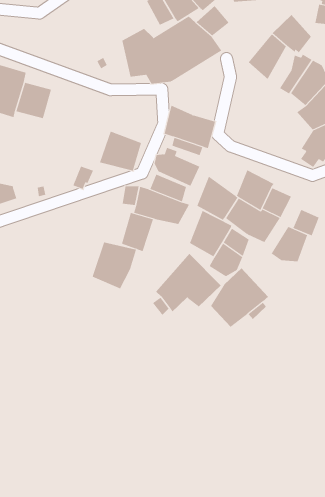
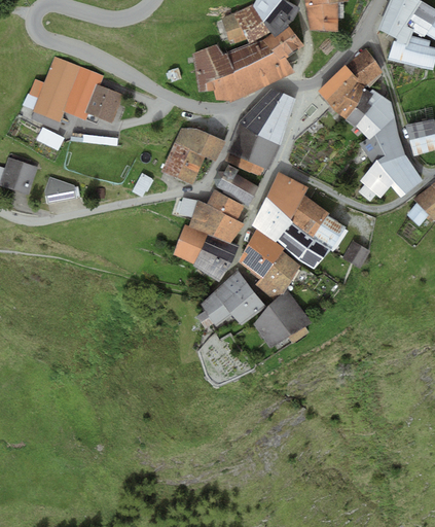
building: none -> [334,78,364,118]
building: none -> [237,87,294,144]
building: none -> [174,128,224,161]
building: none -> [265,171,307,219]
building: [271,226,308,262] -> none
building: [92,242,137,289] -> [191,233,239,281]

